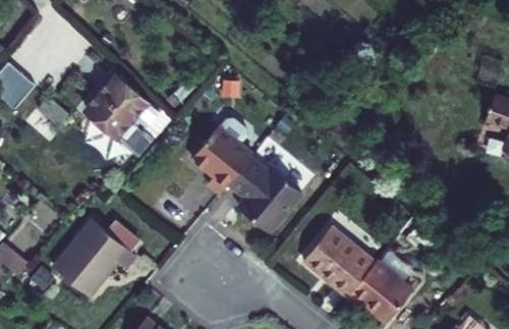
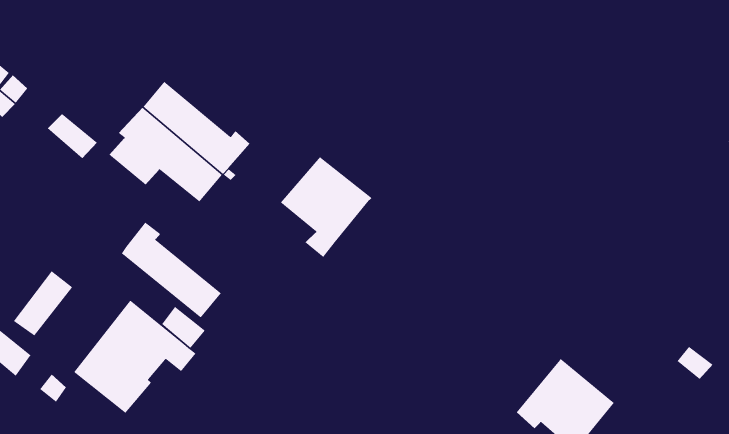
building: [228,156,302,233] -> none
building: none -> [121,221,222,318]
building: [303,225,376,295] -> none

